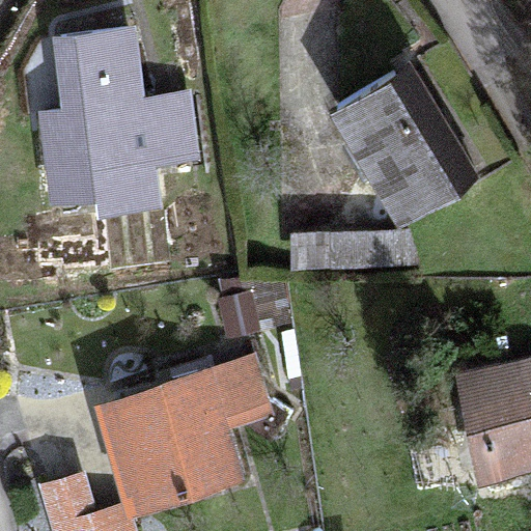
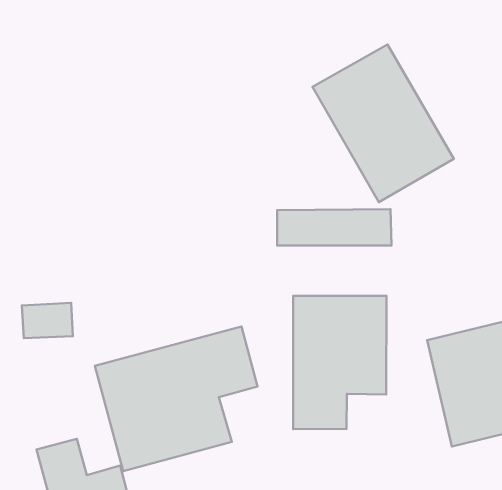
building: [39,30,198,213] -> none
building: none -> [293,296,387,429]

